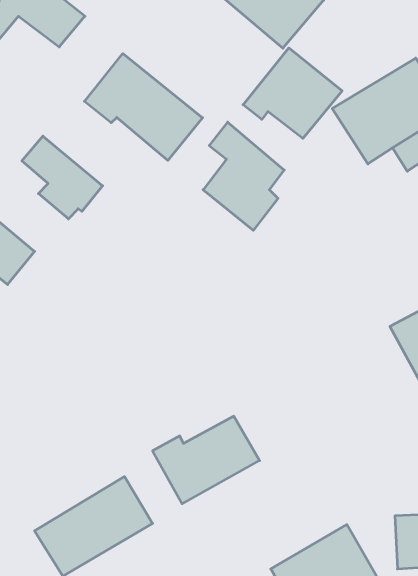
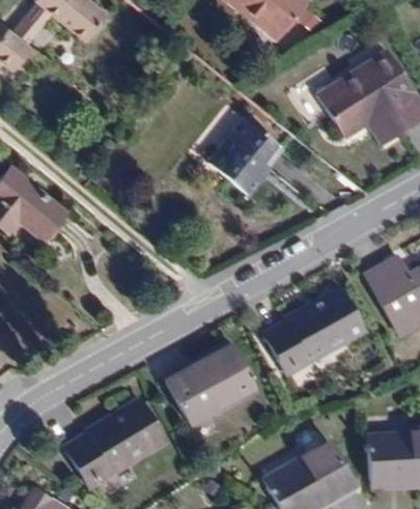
building: [243,48,342,138] -> none
building: [84,54,203,160] -> none
building: [22,136,103,219] -> none
building: none -> [264,291,364,374]

